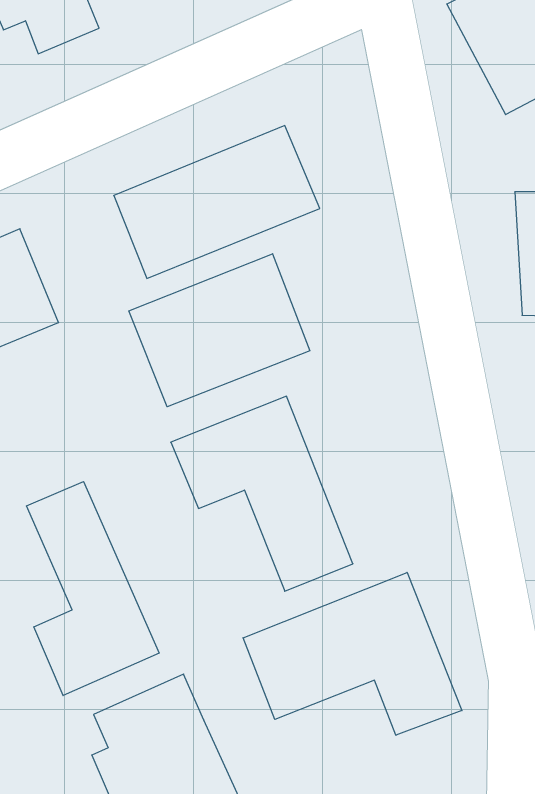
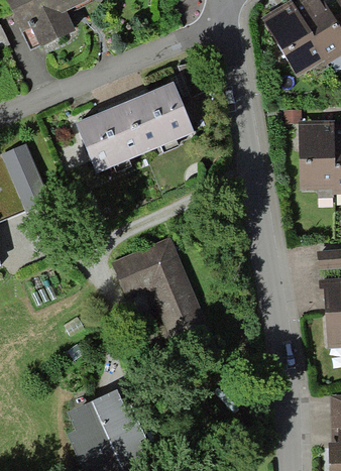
building: [129,254,310,407] -> none
building: [27,482,159,696] -> none
building: [243,572,462,735] -> none

